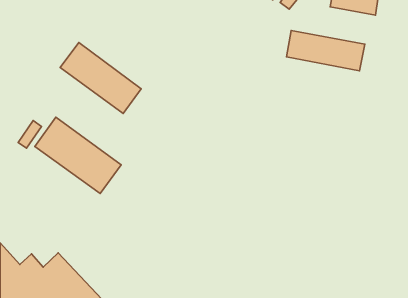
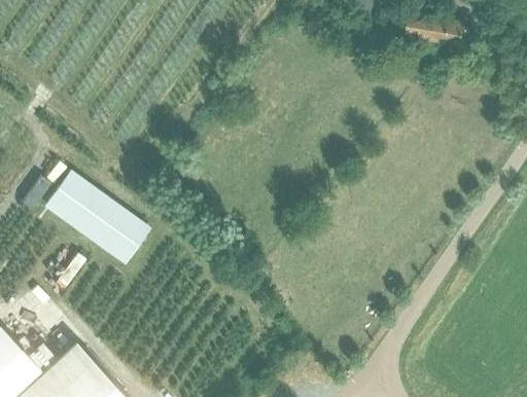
building: [287,31,365,71] -> none
building: [60,43,141,114] -> none

